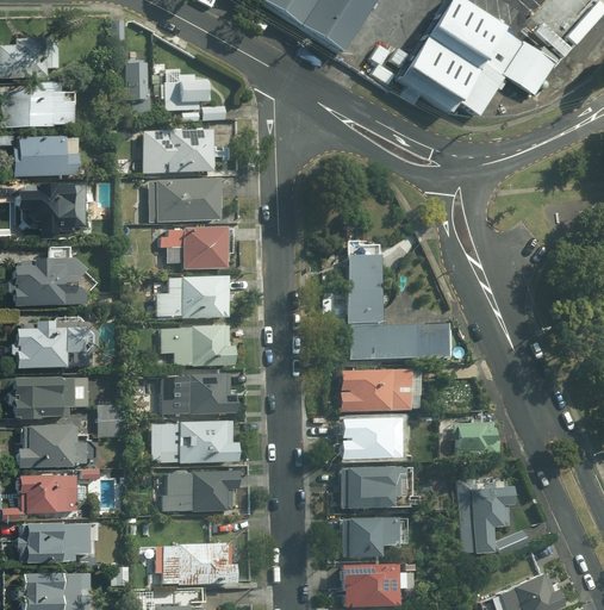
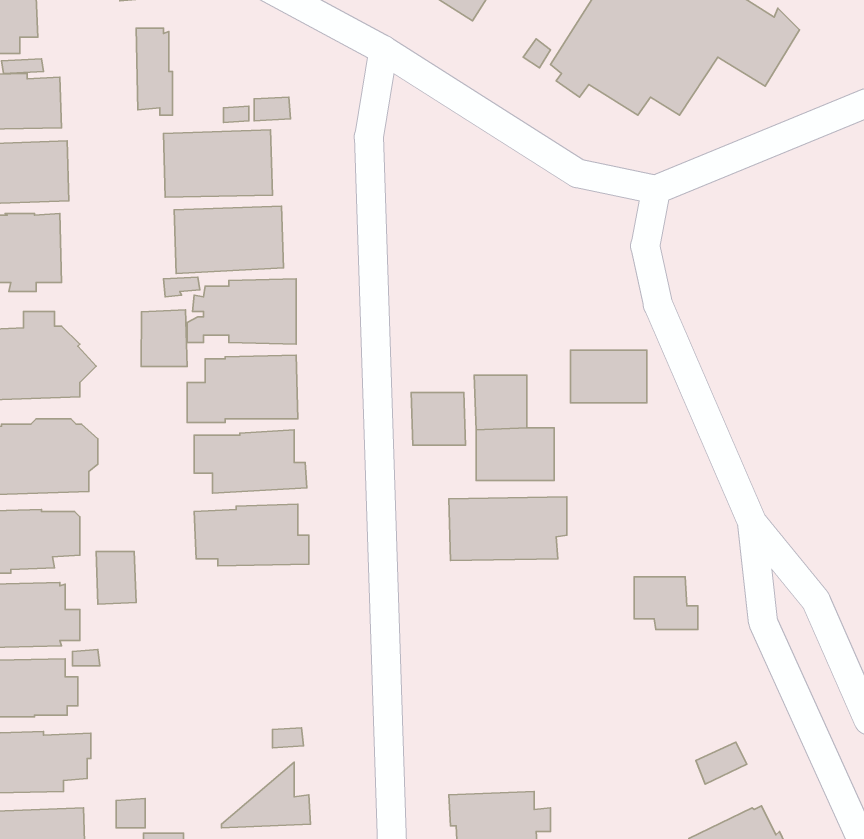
building: [164,69,211,111] -> none
building: none -> [141,310,187,366]
building: [345,254,381,288] -> [411,392,466,445]
building: [399,323,449,357] -> [571,350,647,403]
building: [342,417,401,459] -> none
building: [154,421,241,463] -> none
building: [332,465,397,508] -> none
building: [163,469,241,511] -> none
building: [453,477,504,552] -> none
building: [337,516,387,556] -> none
building: [157,542,229,583] -> none

